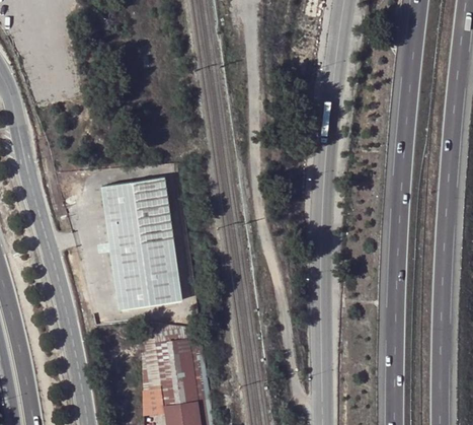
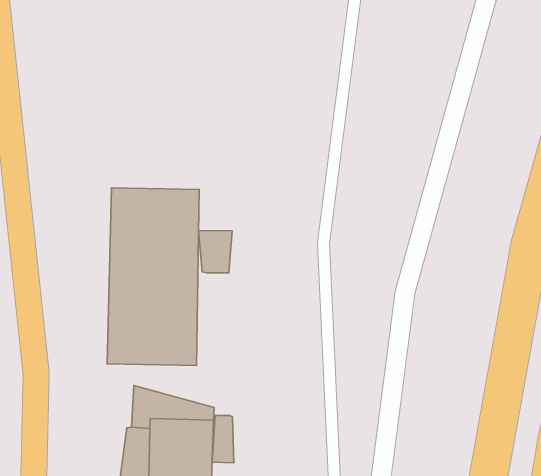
building: none -> [199,230,232,273]
building: none -> [212,416,234,463]

